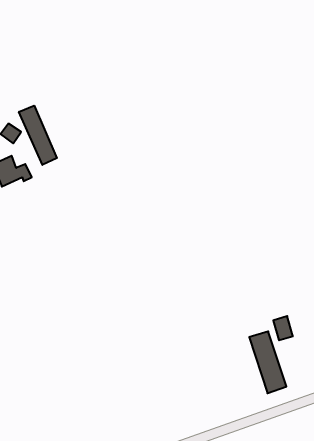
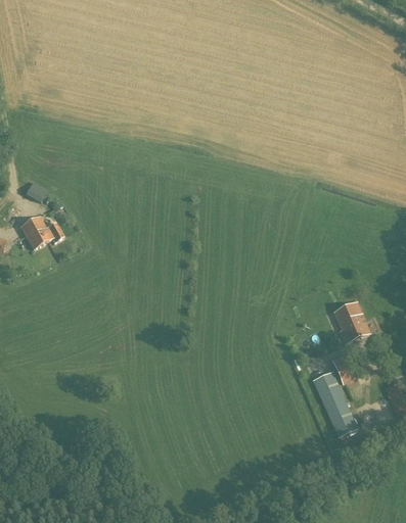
building: [19,106,57,165] -> none
building: none -> [333,301,369,342]

